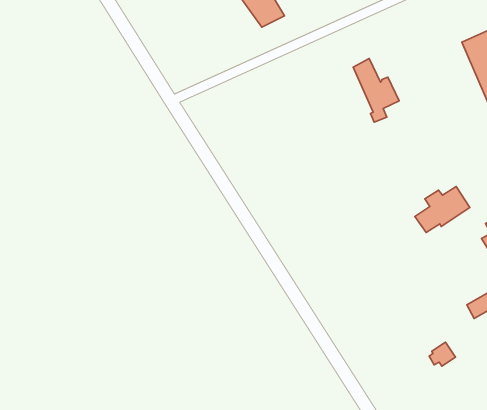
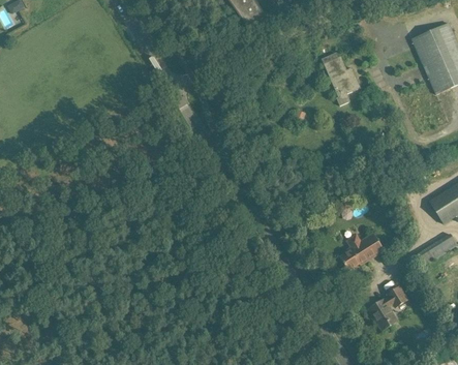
building: [415,186,470,233] -> [339,232,385,270]
building: none -> [370,299,397,329]

